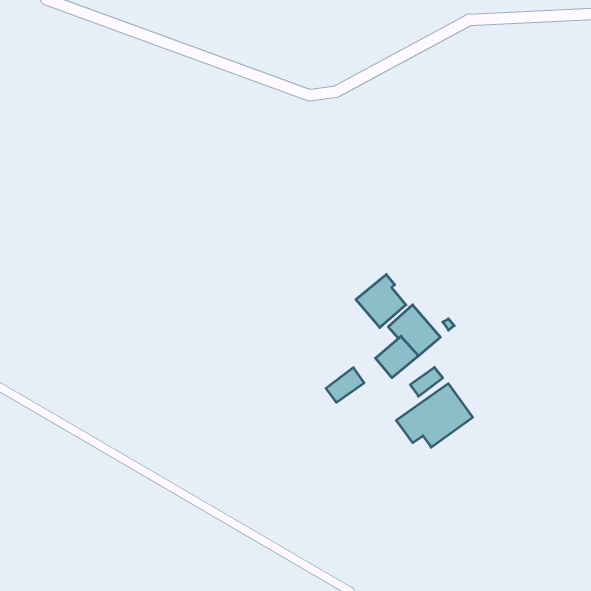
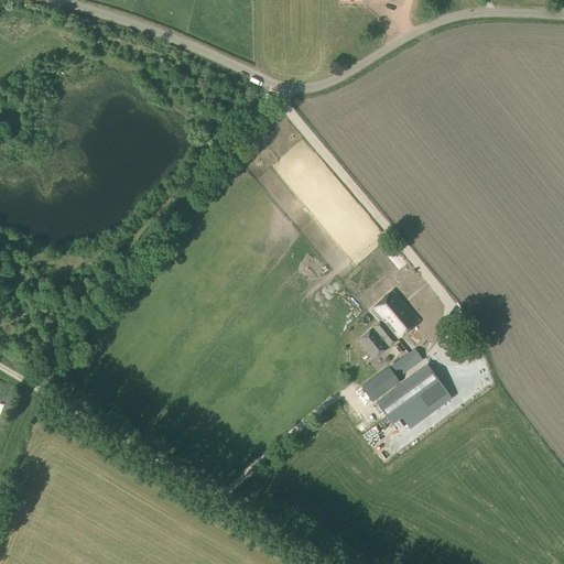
building: [356,274,406,328] -> none
building: [326,368,364,402] -> [362,367,399,400]

